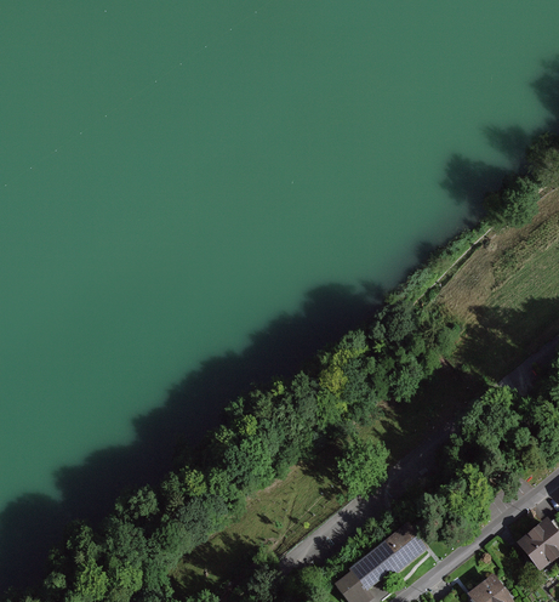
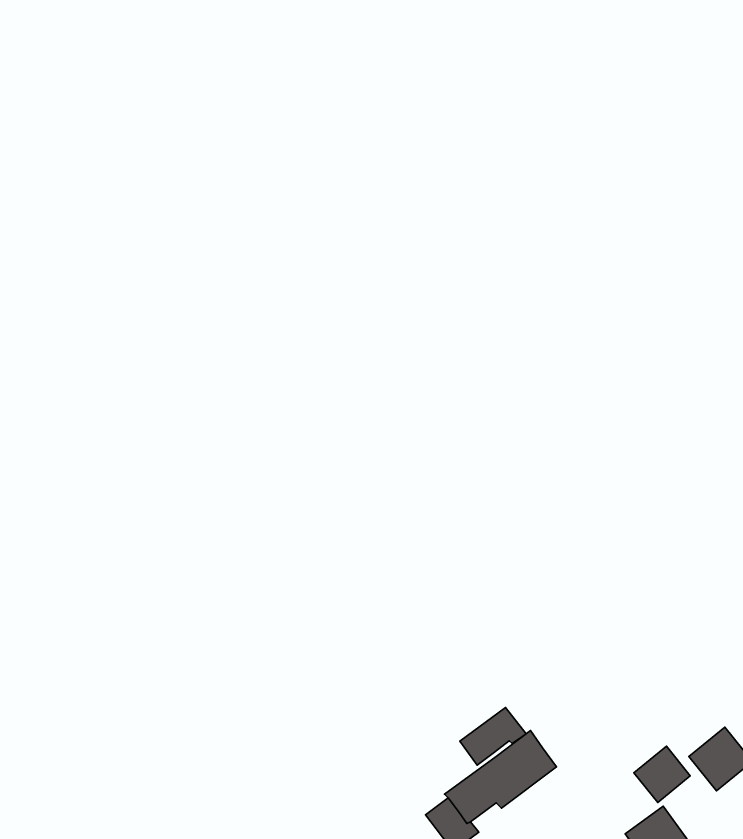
building: none -> [460,707,526,765]
building: none -> [634,746,690,802]

